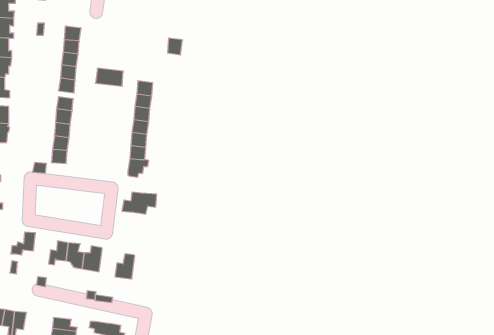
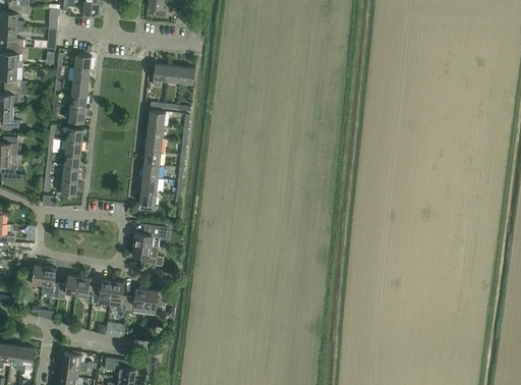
building: [95,68,123,86] -> [152,64,180,83]
building: none -> [131,244,163,266]
building: none -> [41,267,59,298]
building: none -> [109,282,127,314]
building: none -> [142,290,162,316]

